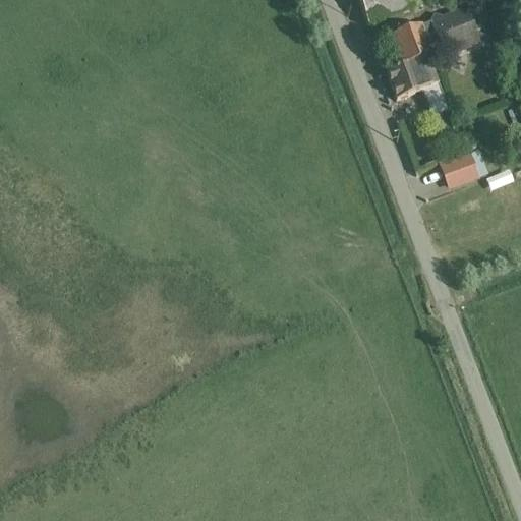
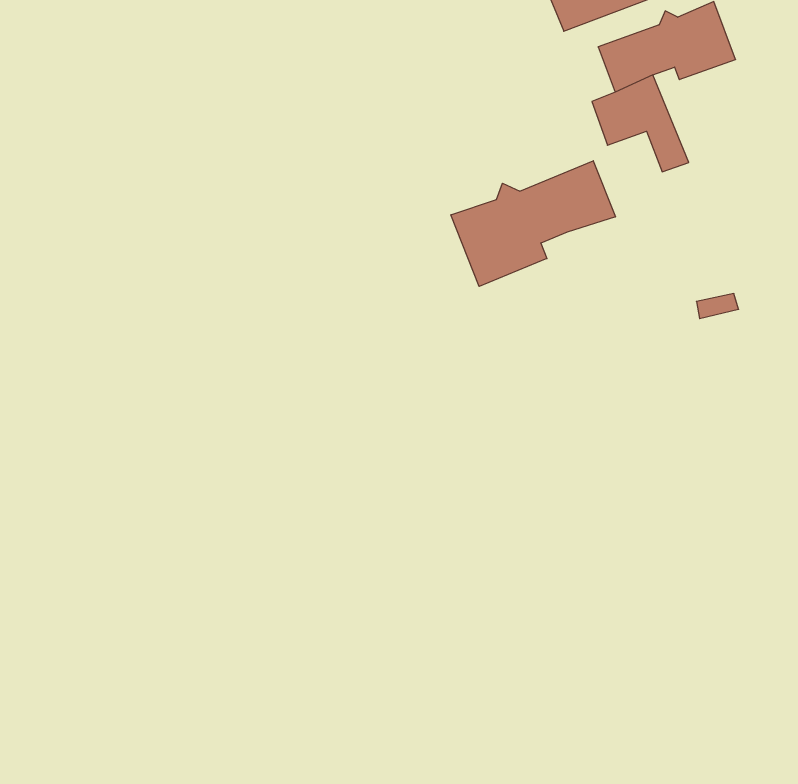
building: none -> [451,161,615,286]
building: [438,144,487,183] -> none

